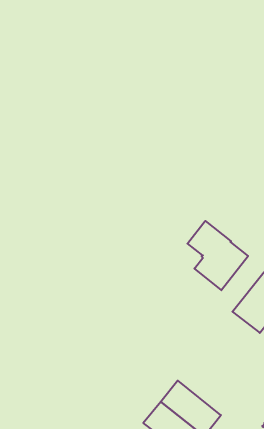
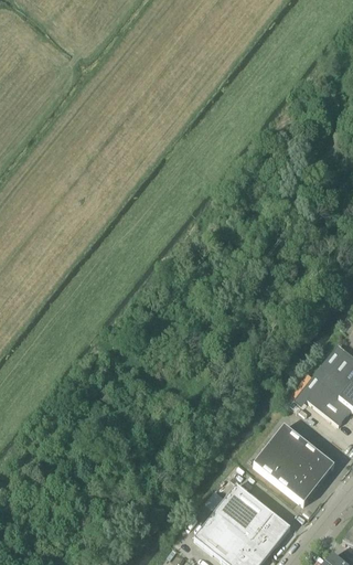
building: [187,221,248,290] -> none
building: none -> [253,425,334,503]

